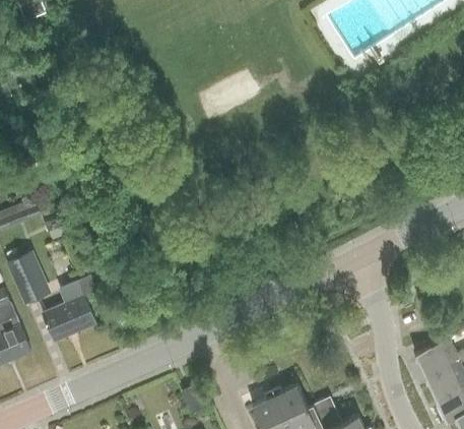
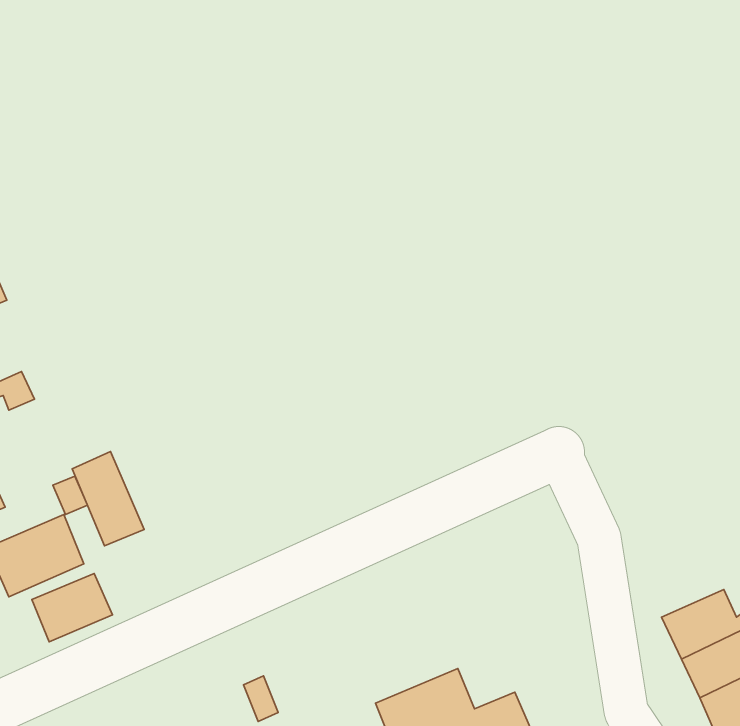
building: none -> [72,451,144,546]
building: none -> [32,574,113,642]

